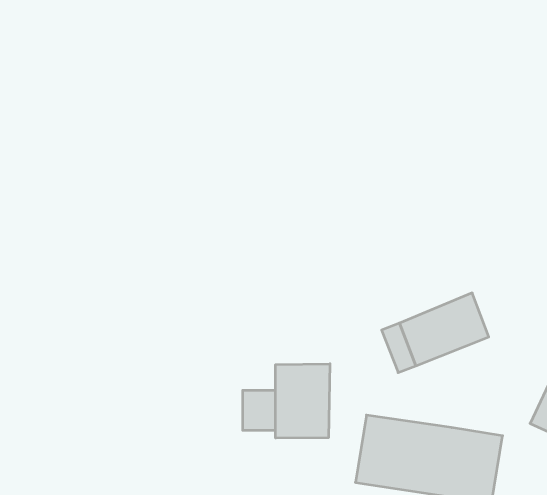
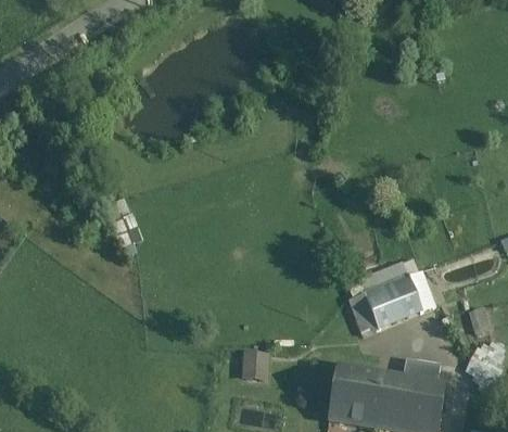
building: [276,364,330,438] -> none
building: none -> [404,354,447,383]

